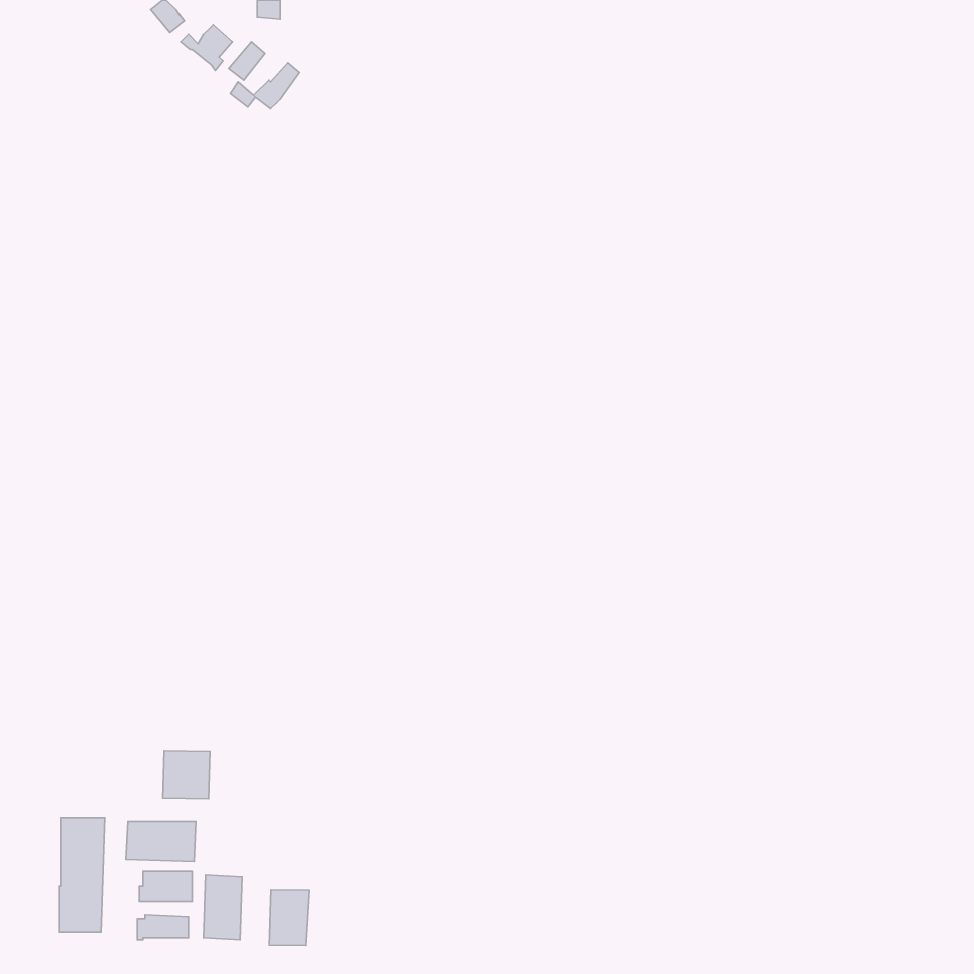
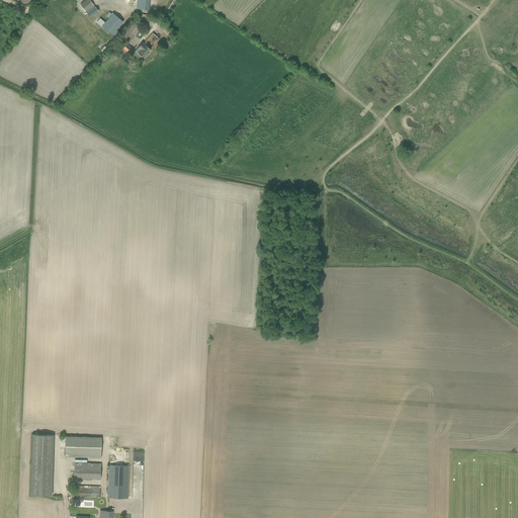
building: [162,751,210,799] -> none
building: [269,890,309,945] -> none

